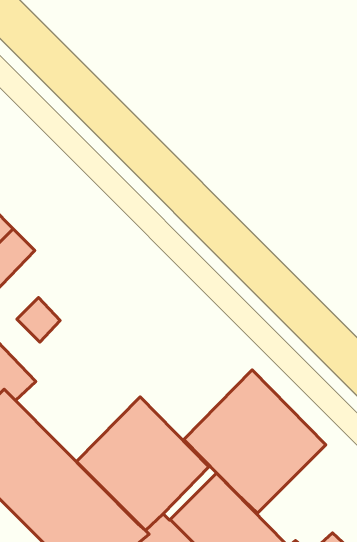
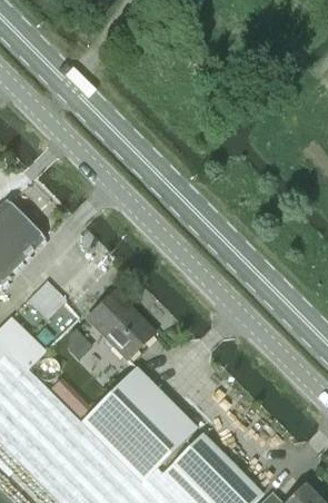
building: none -> [87,290,155,359]
building: [184,370,326,513] -> none

